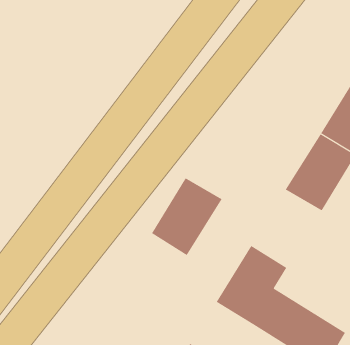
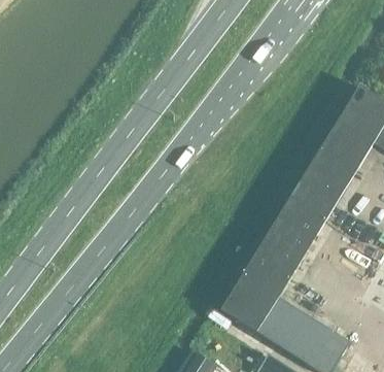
building: [151,177,222,256] -> [254,198,325,276]

